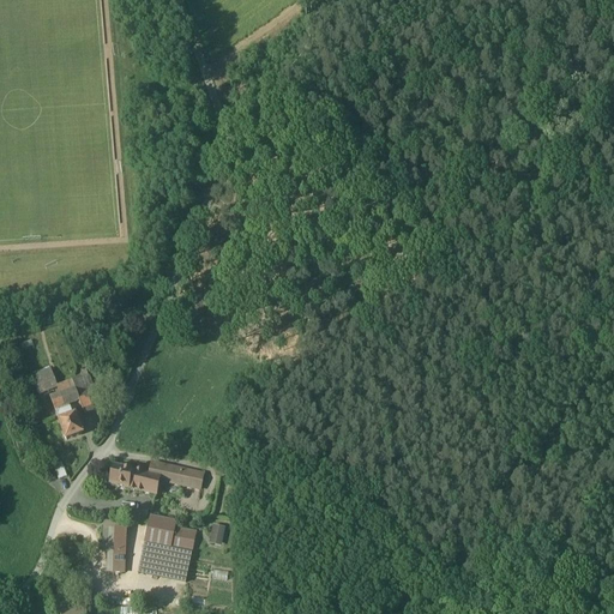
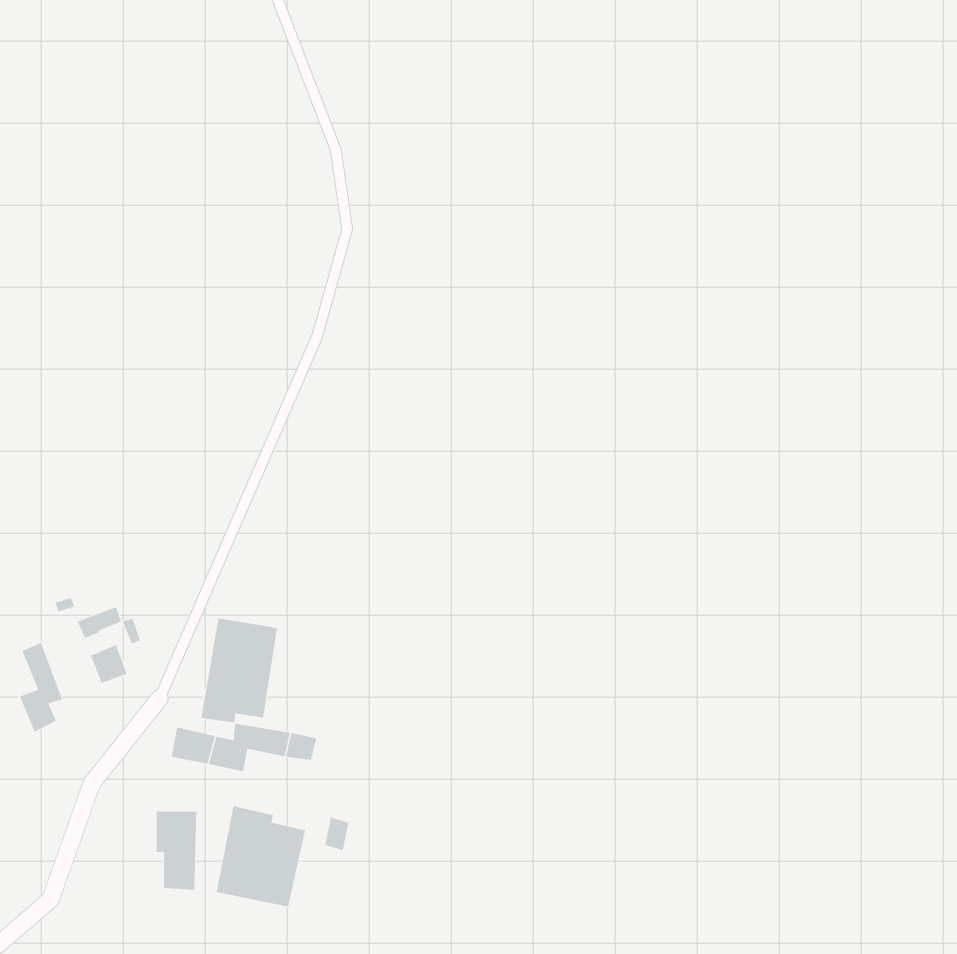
building: none -> [201,617,278,723]
building: none -> [19,642,63,733]

